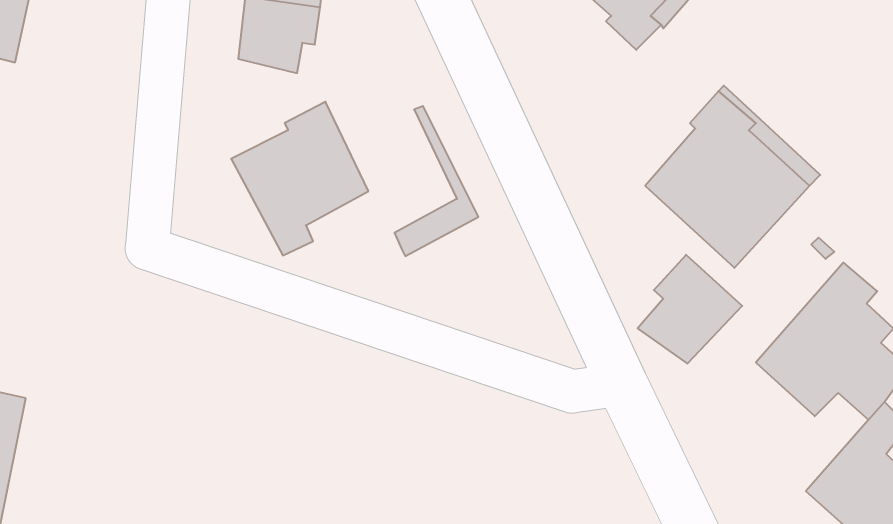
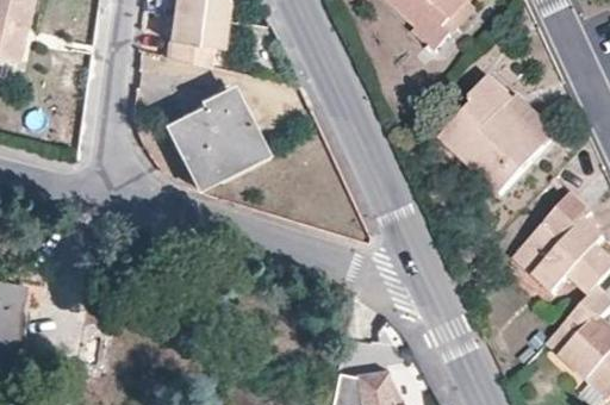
building: [394,106,478,256] -> [213,85,269,185]
building: [638,255,742,364] -> none

